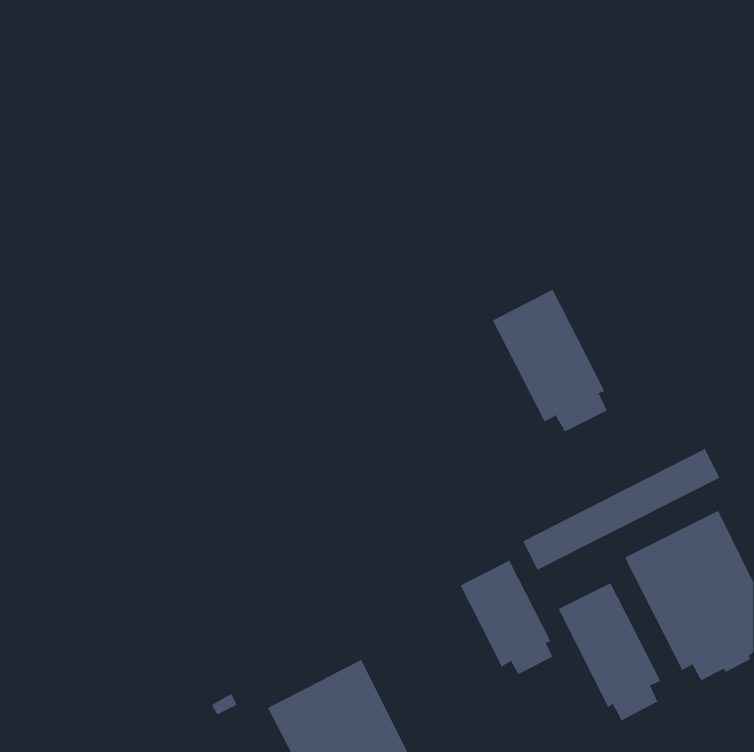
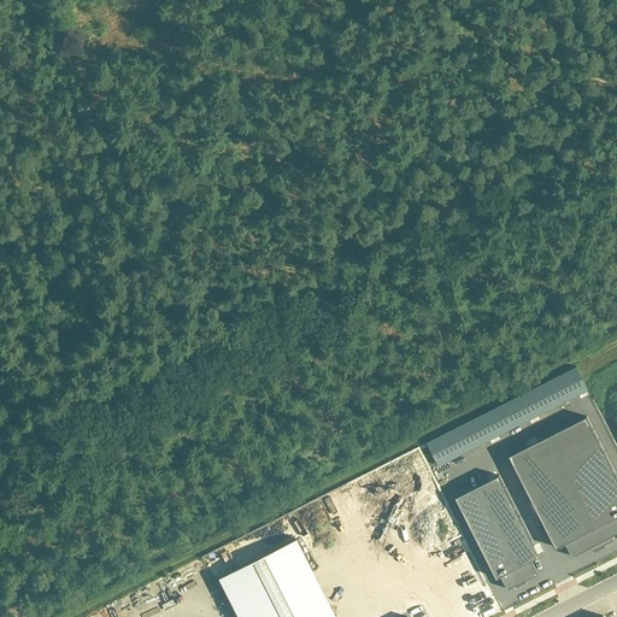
building: [492,289,607,432] -> none
building: [460,560,553,675] -> none

